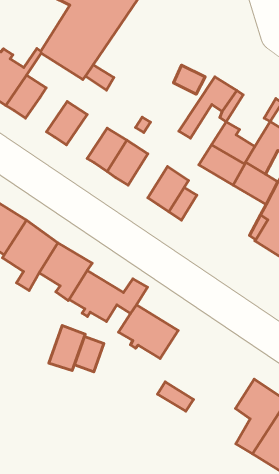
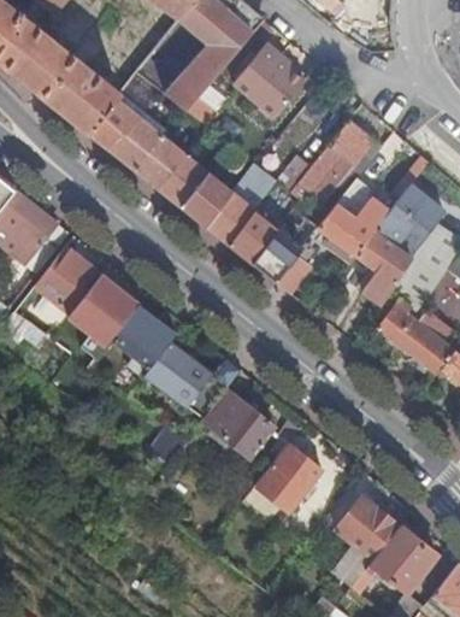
building: none -> [231,46,301,117]
building: none -> [111,114,164,169]
building: none -> [158,152,210,206]
building: none -> [229,207,279,262]
building: [49,326,85,370] -> none
building: none -> [254,446,322,513]

